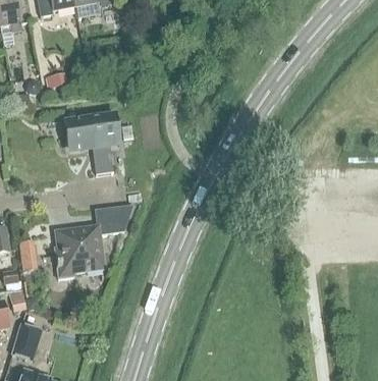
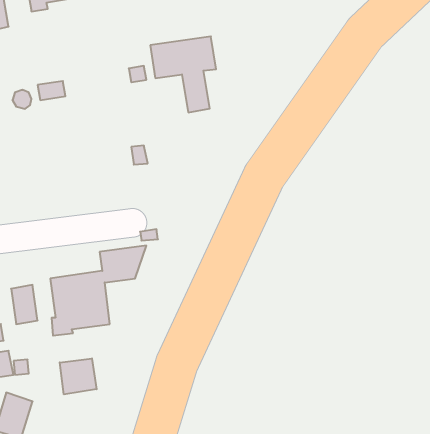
building: [65,113,118,174] -> [150,36,216,112]
building: none -> [60,358,97,394]

